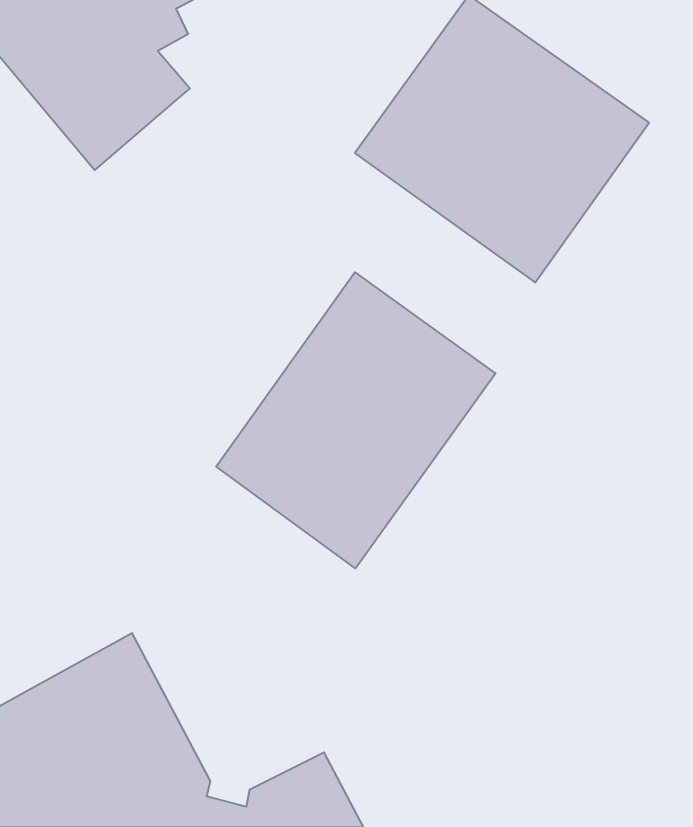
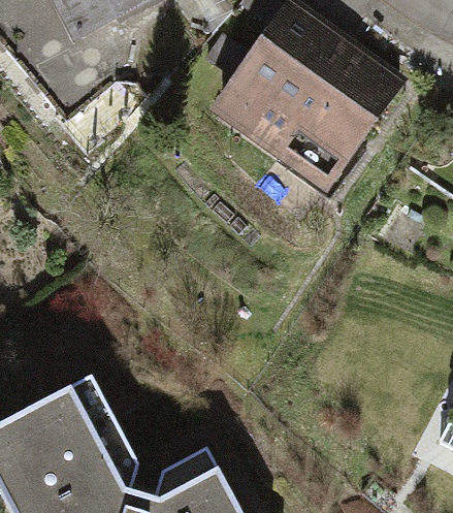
building: [216,272,496,568] -> none

